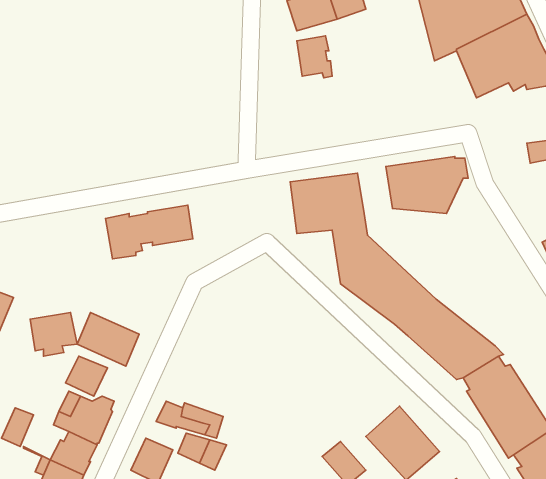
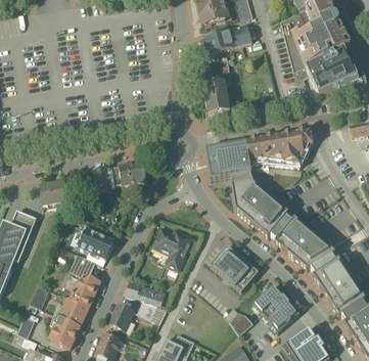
building: none -> [203,80,230,114]
building: none -> [246,137,268,166]
building: [30,312,77,356] -> [40,180,68,207]
building: none -> [153,227,193,269]
building: none -> [211,243,259,289]

